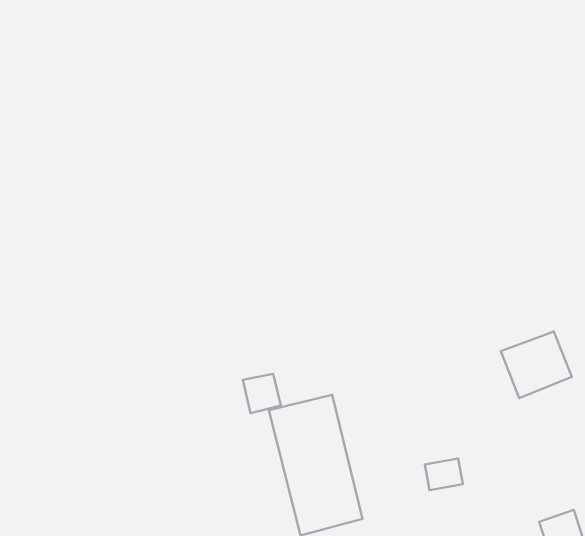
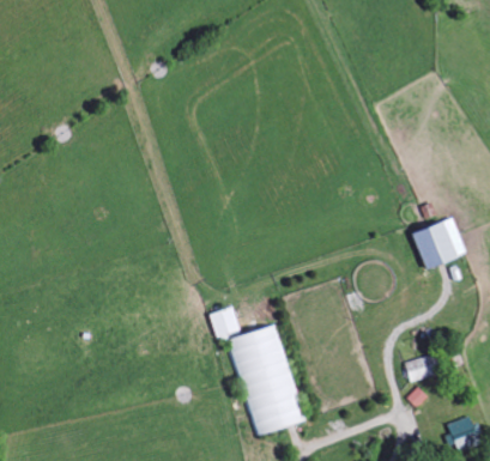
building: [501,332,572,398] -> [410,217,466,269]
building: [425,458,463,490] -> [405,357,435,382]

